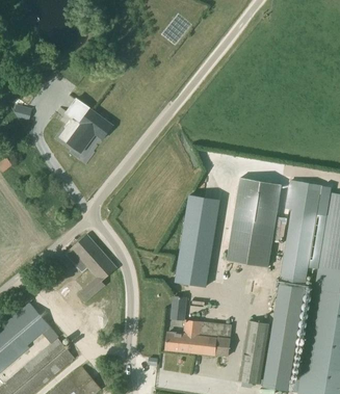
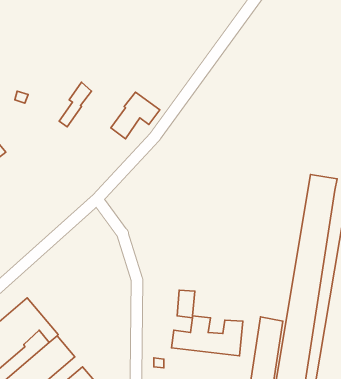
building: [68,109,113,153] -> [111,92,160,139]
building: [227,178,282,267] -> none
building: [176,195,219,287] -> none
building: [64,235,117,301] -> none

